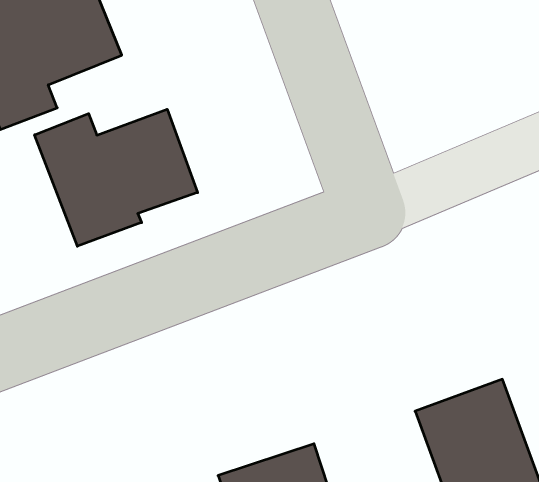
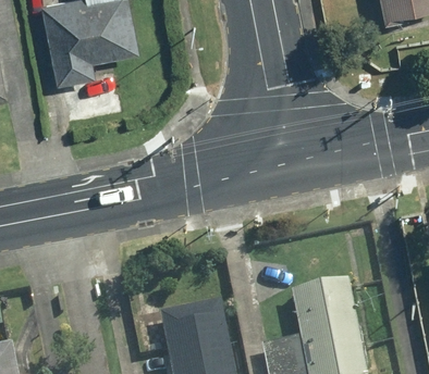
building: [35,109,198,246] -> none

